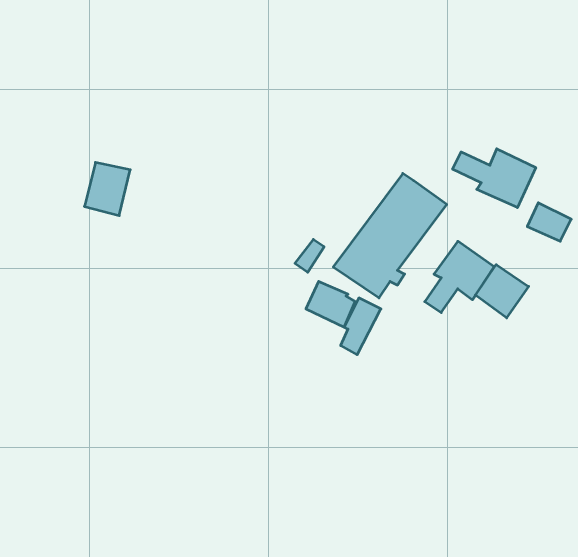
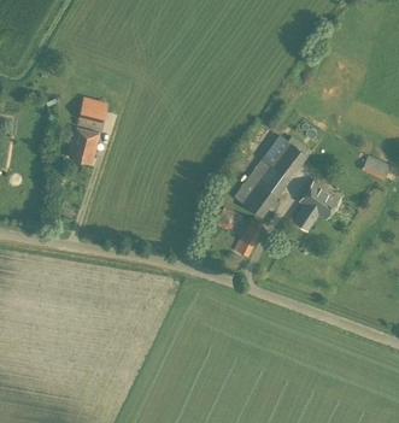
building: none -> [77,98,106,128]
building: [453,149,536,208] -> none
building: [475,265,529,318] -> none

